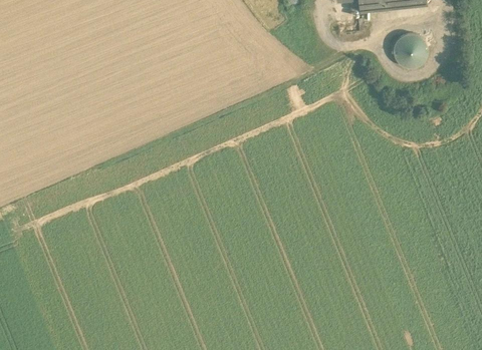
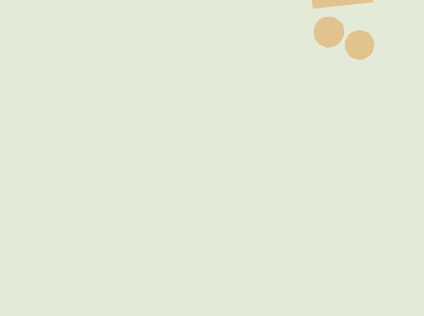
building: none -> [313,16,345,49]

